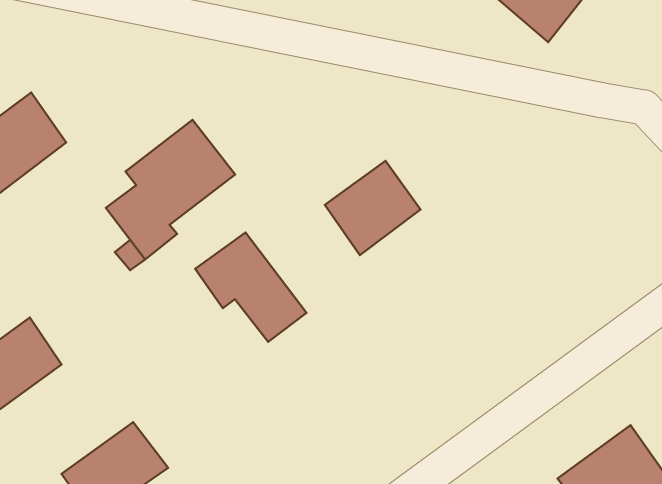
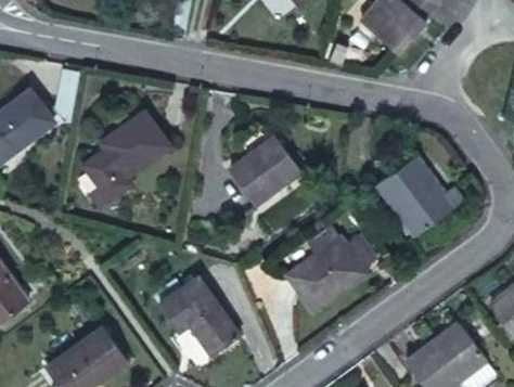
building: none -> [377,152,465,233]
building: [195,232,306,342] -> [158,272,237,350]
building: none -> [291,231,368,306]

